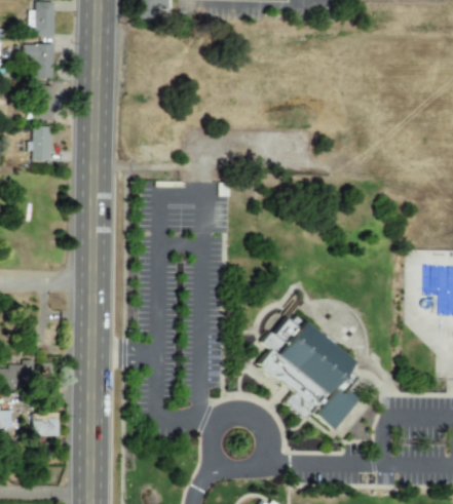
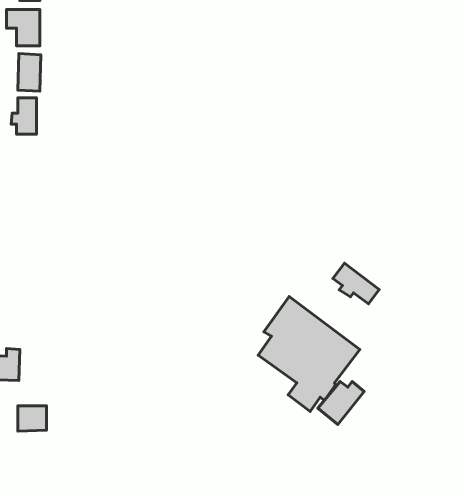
building: none -> [333,263,379,304]

